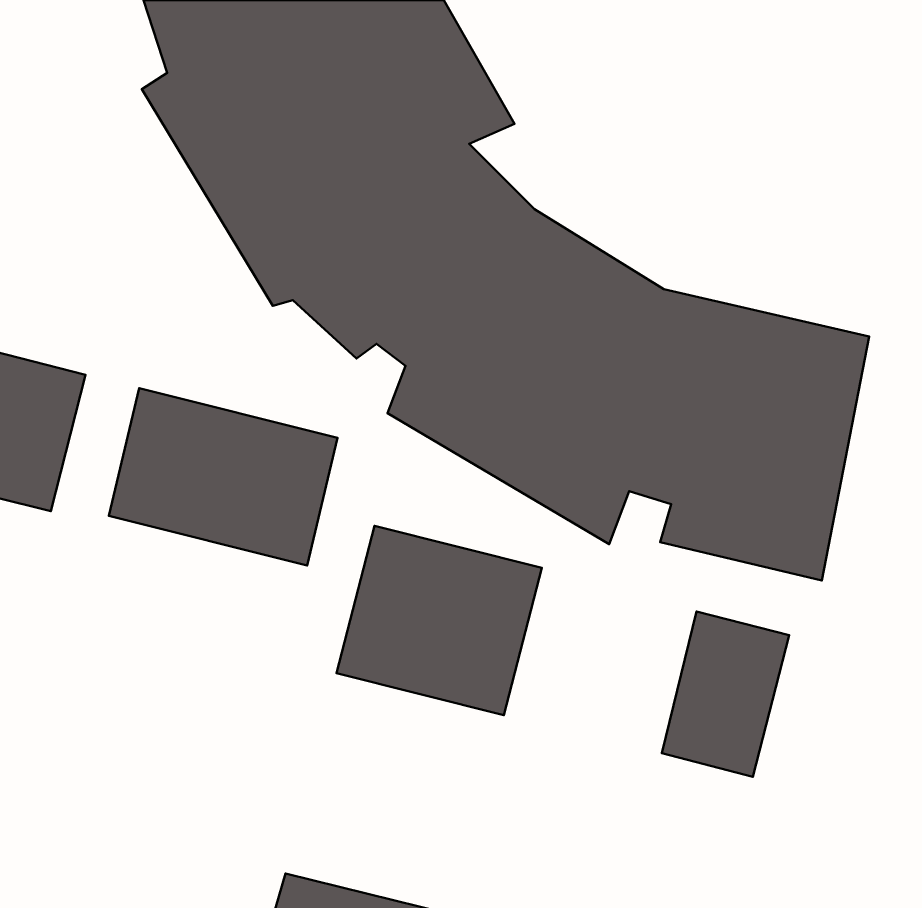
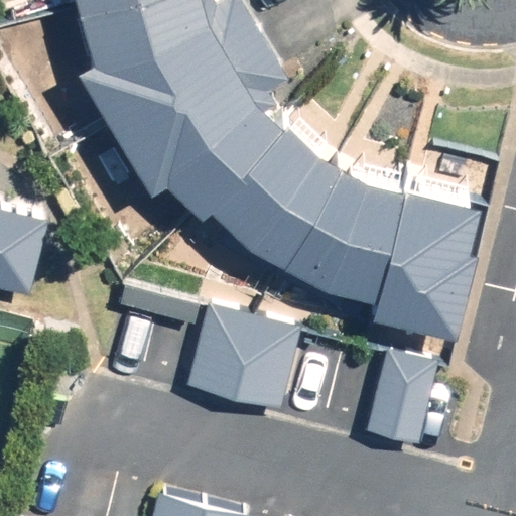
building: [109,388,337,565] -> none

